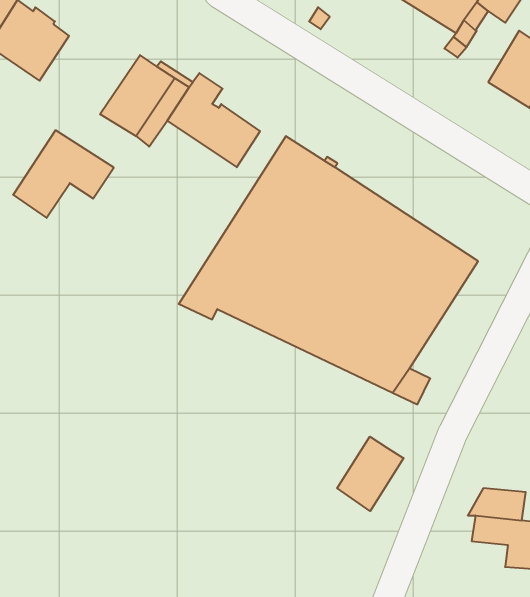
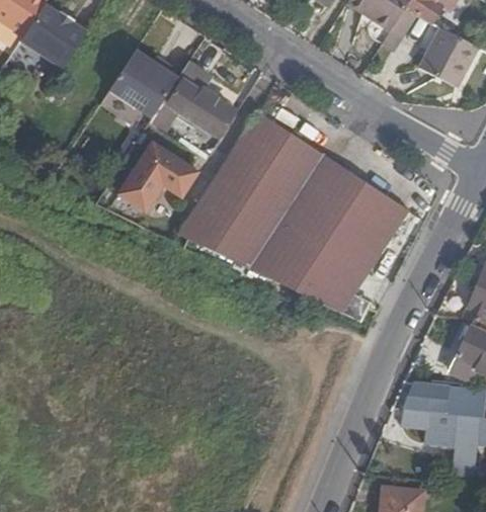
building: [13,130,114,218] -> [118,142,197,210]
building: [337,437,404,511] -> none

